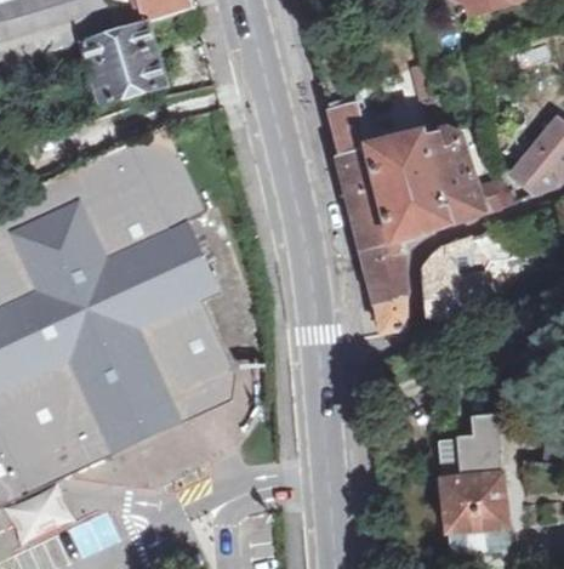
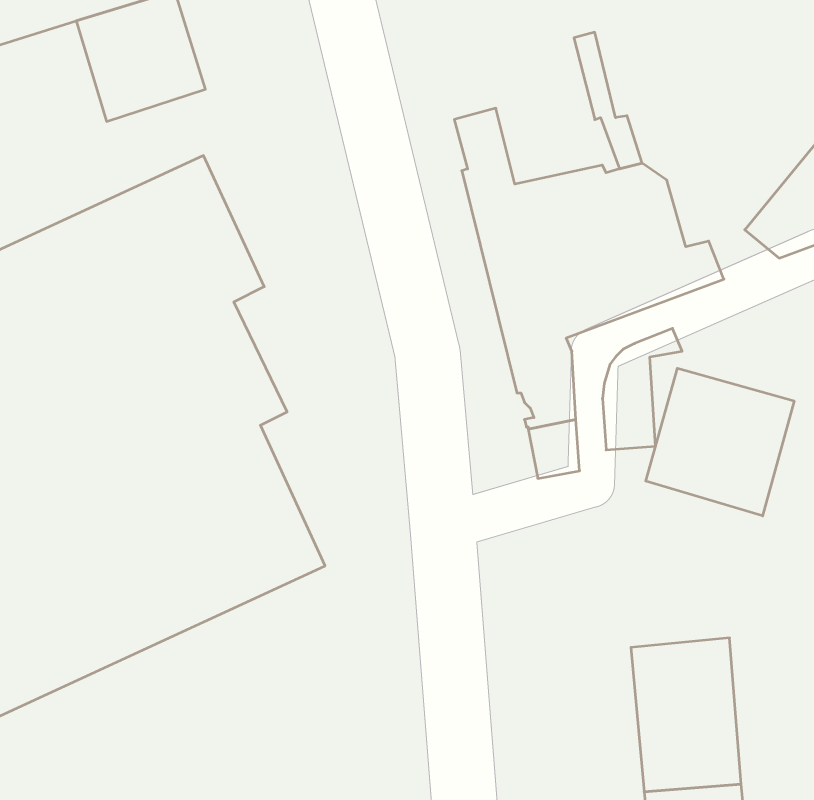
building: none -> [646,368,794,516]

